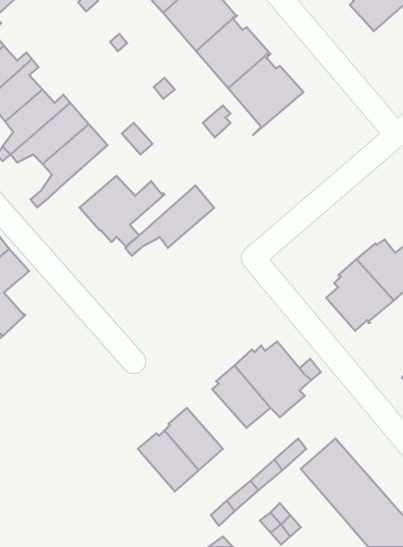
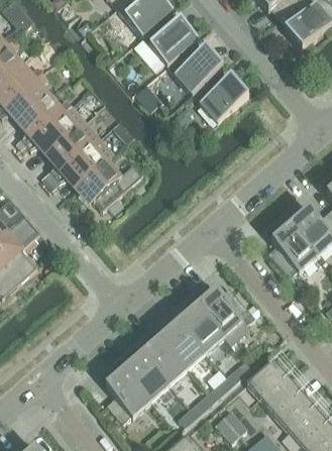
building: [125,185,214,256] -> [45,136,113,190]
building: none -> [159,322,205,367]
building: none -> [105,367,150,422]

